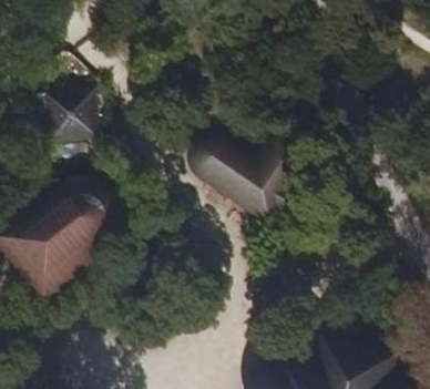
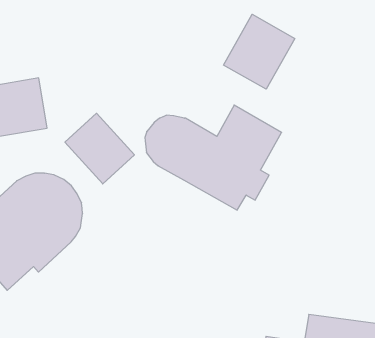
building: none -> [224,14,295,89]
building: none -> [65,113,134,184]

